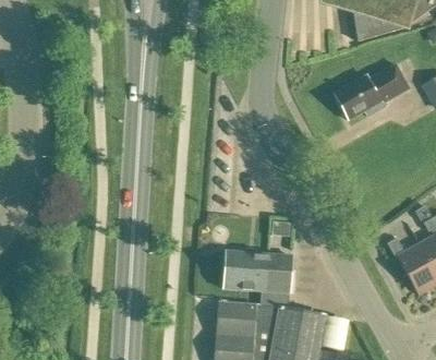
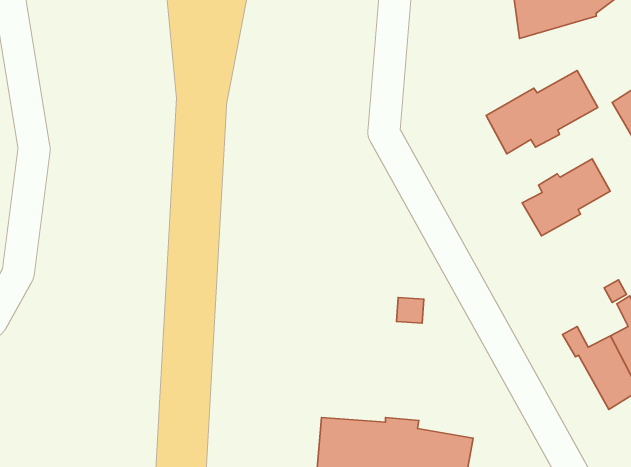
building: none -> [522,159,610,236]
building: [221,251,291,302] -> none

